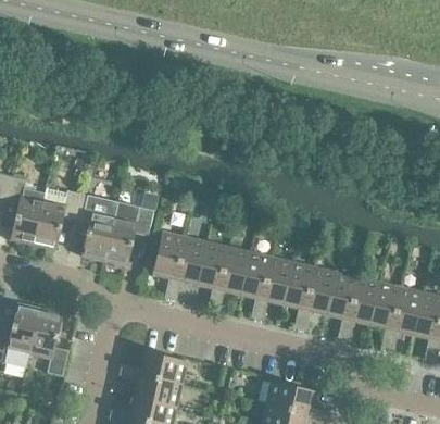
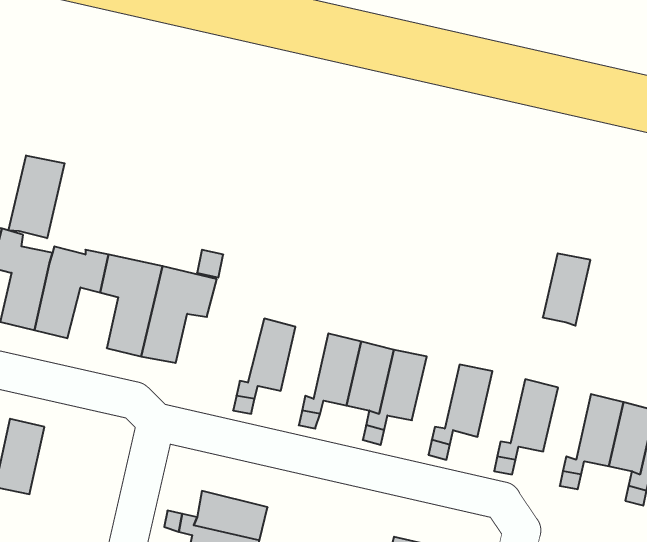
building: none -> [8,155,65,238]
building: [152,230,185,278] -> none
building: [196,241,227,289] -> none
building: [282,261,314,309] -> none
building: [326,271,357,319] -> none
building: [369,282,401,329] -> [543,253,590,326]
building: [29,308,67,375] -> none

